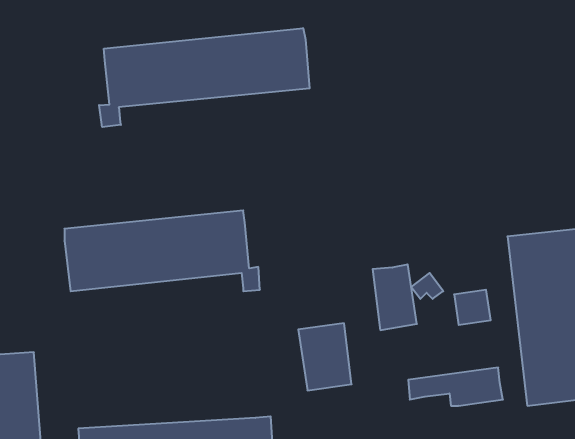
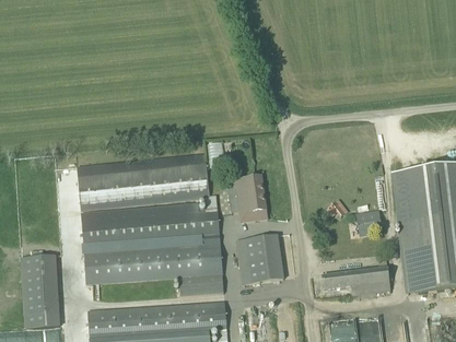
building: [99,28,310,127] -> none
building: [373,264,417,330] -> [235,174,267,221]
building: none -> [81,202,223,296]

